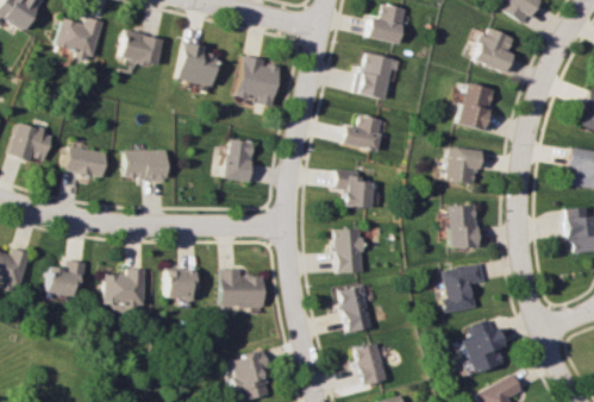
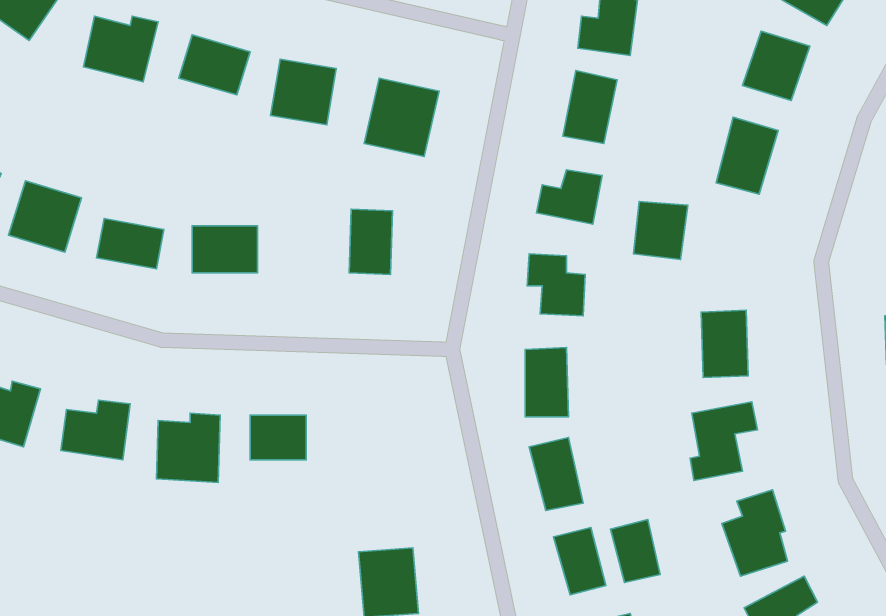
building: [446,147,481,184] -> [634,202,688,260]
building: [218,271,262,308] -> none
building: none -> [611,520,660,583]

